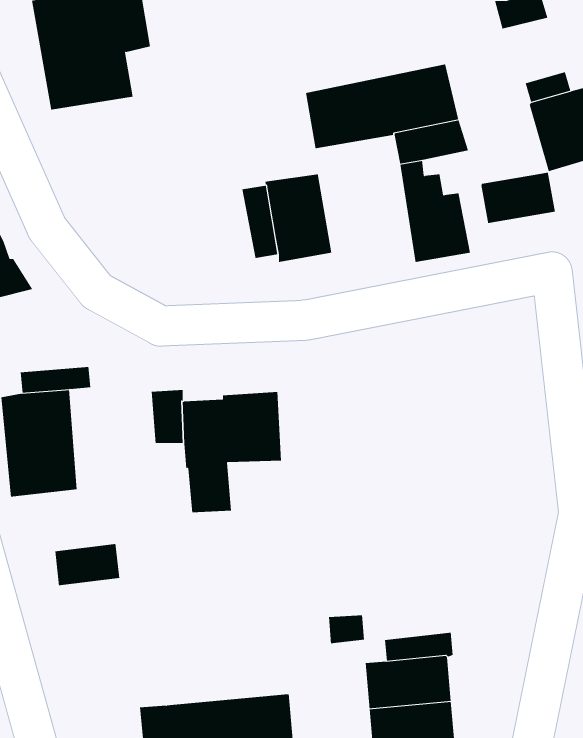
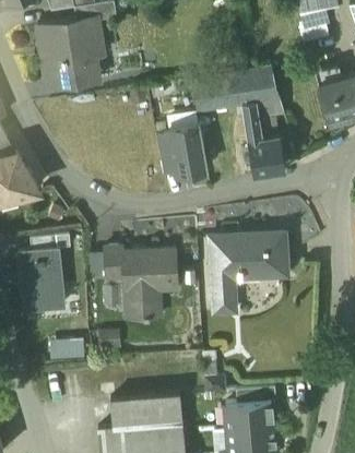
building: [481,172,555,224] -> none
building: none -> [209,234,286,314]
building: none -> [110,394,181,429]

